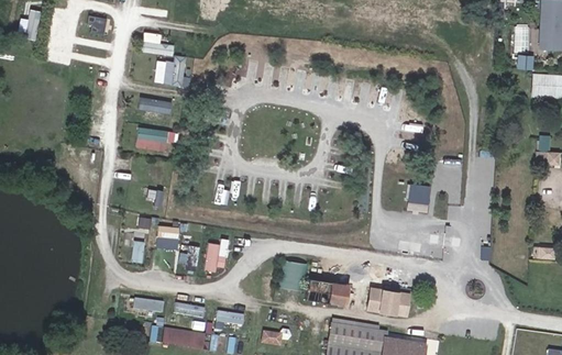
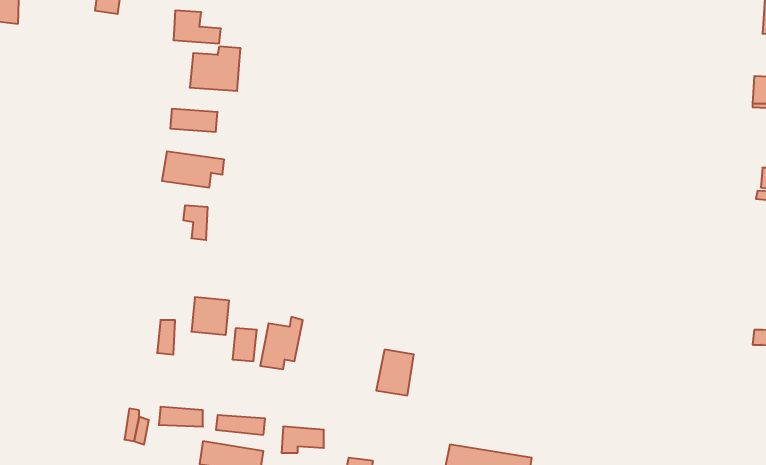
building: [408,185,431,213] -> none
building: [305,279,346,306] -> none
building: [367,289,408,314] -> none

